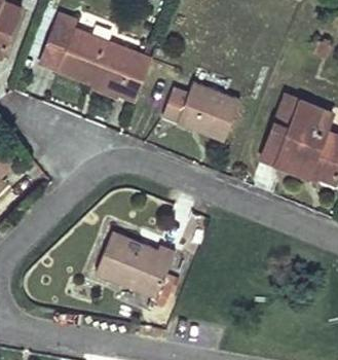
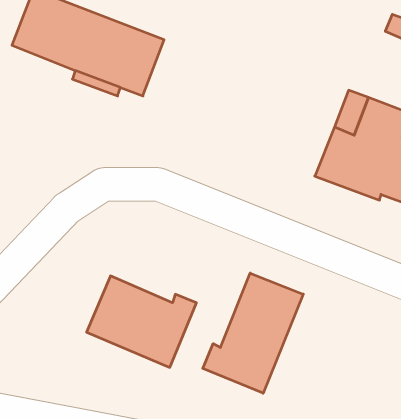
building: [161,77,239,141] -> none
building: none -> [203,273,303,393]

